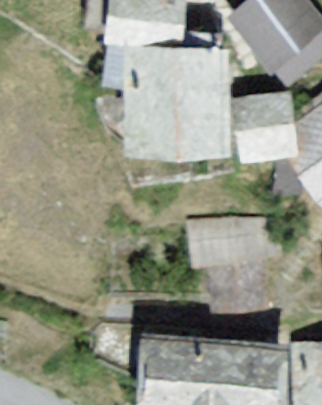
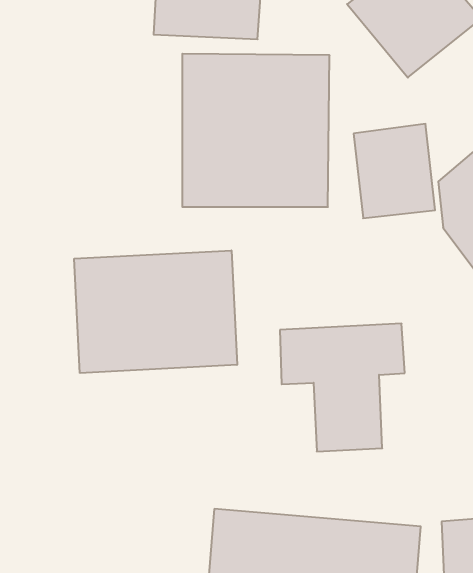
building: none -> [74,250,237,373]

